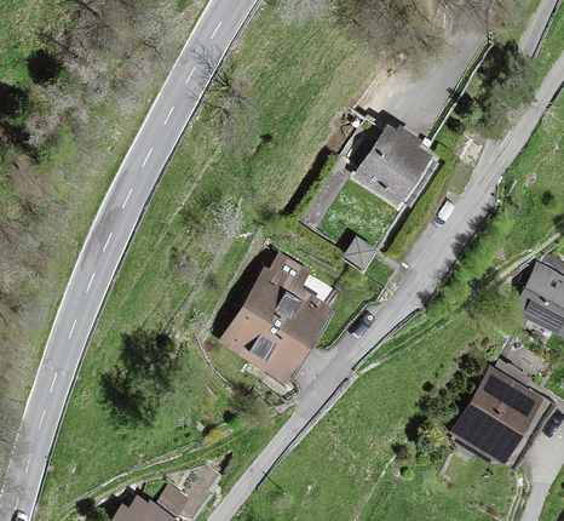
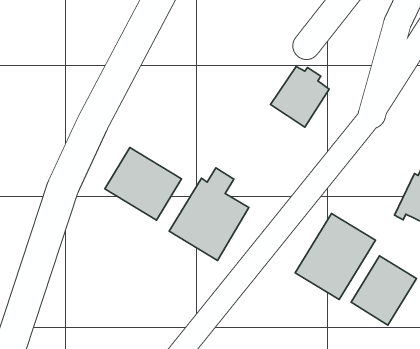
building: none -> [105,148,181,220]
building: none -> [295,213,375,300]

